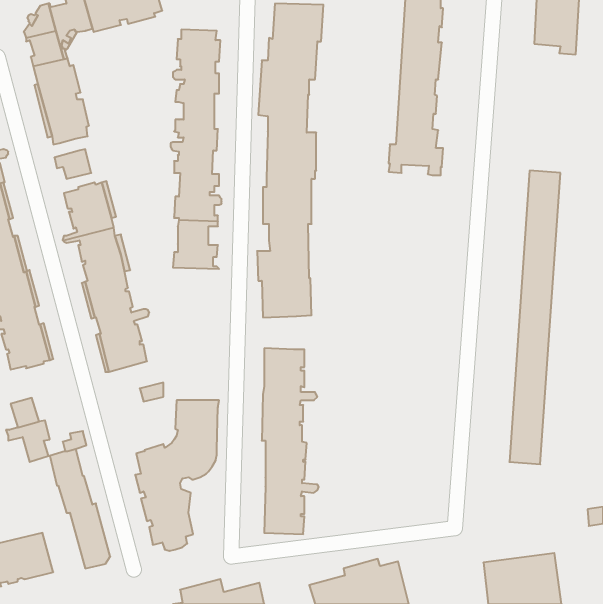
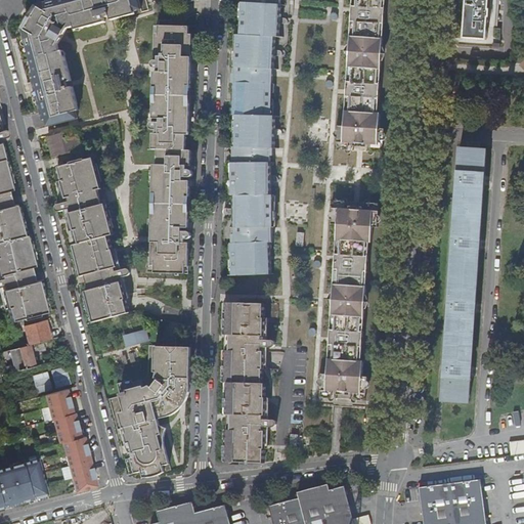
building: none -> [319,200,378,399]
building: none -> [148,231,190,273]
building: none -> [23,319,51,344]

